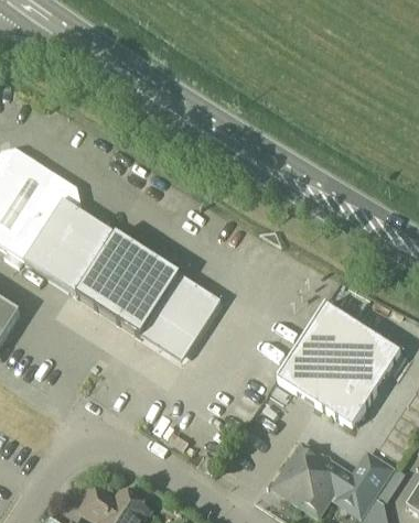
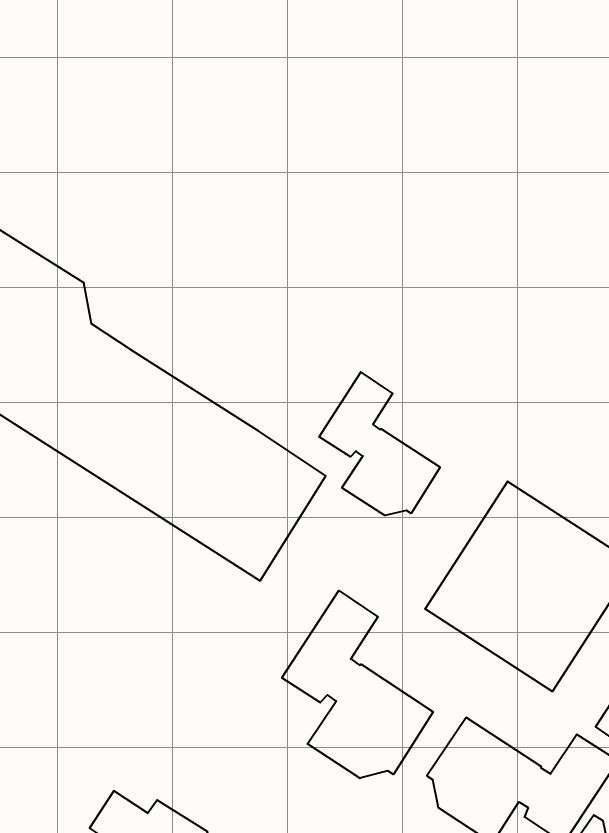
building: none -> [319,372,440,515]
building: none -> [282,591,433,778]

